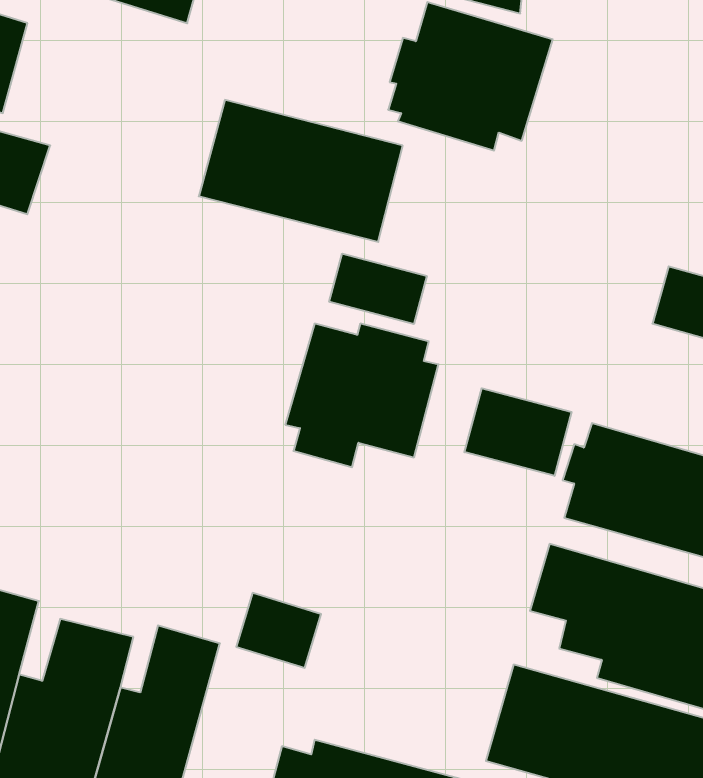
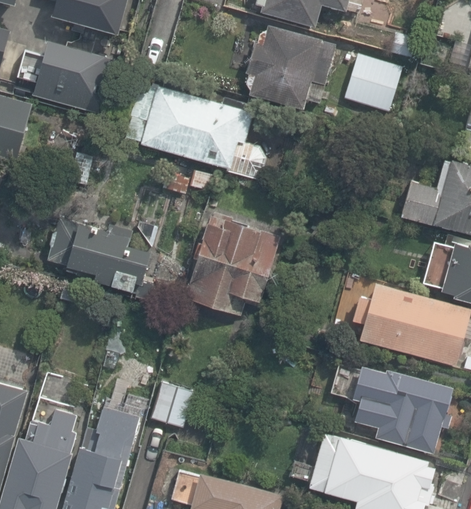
building: none -> [28,38,100,111]
building: none -> [345,53,405,113]
building: [329,254,427,324] -> none
building: none -> [47,218,165,293]
building: [464,388,572,476] -> none

